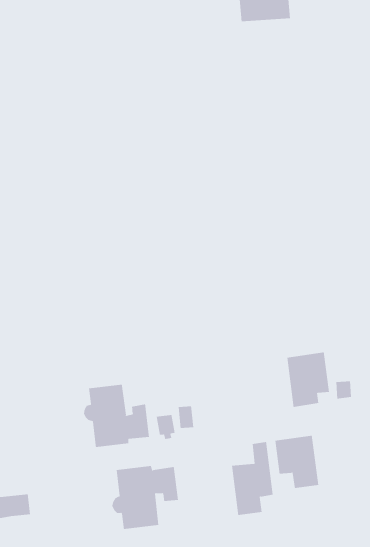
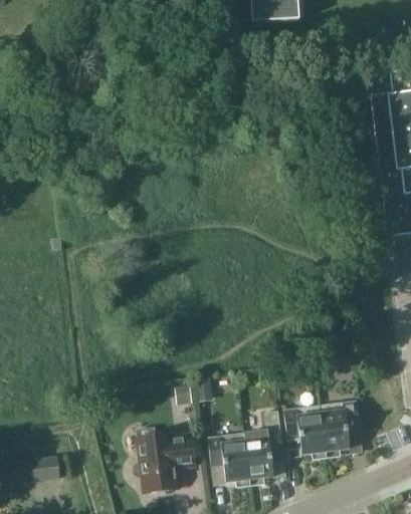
building: [286,352,330,407] -> [320,400,360,451]
building: [83,384,149,448] -> none
building: none -> [208,433,250,482]

